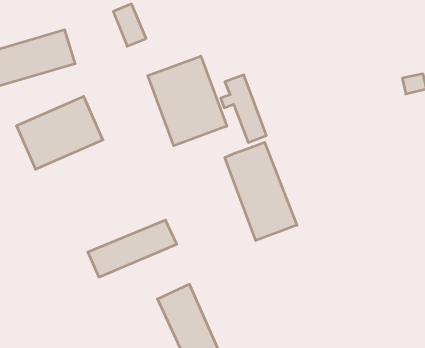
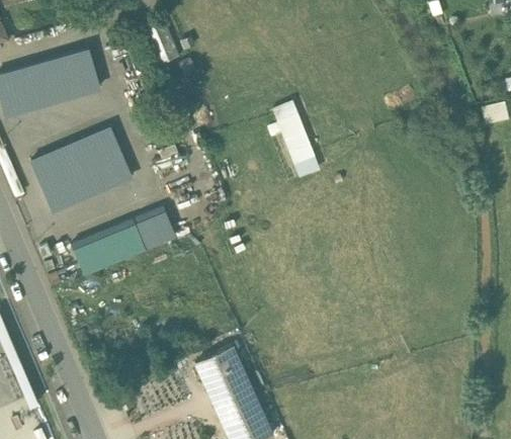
building: [148,56,227,146] -> none
building: [225,142,297,241] -> none
building: [88,220,177,277] -> [71,207,175,274]

